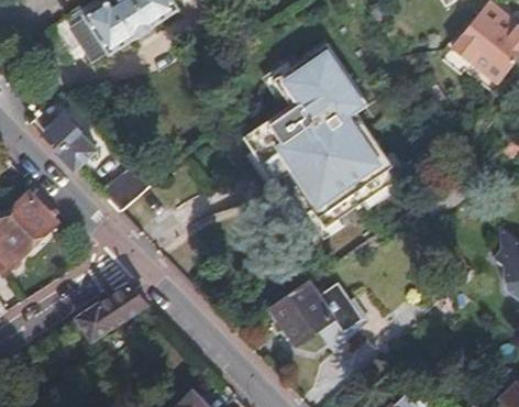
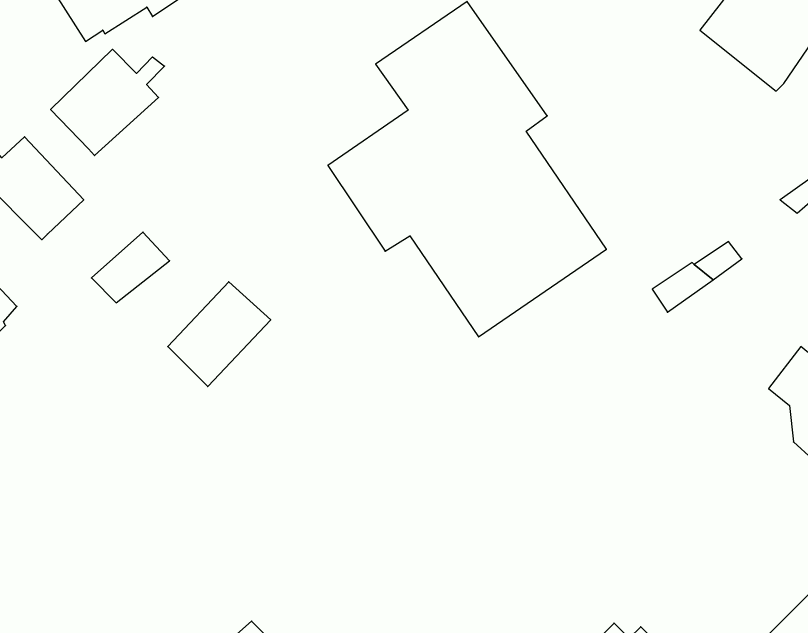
building: none -> [51,49,165,156]
building: [272,281,369,352] -> none
building: [78,284,148,338] -> none

